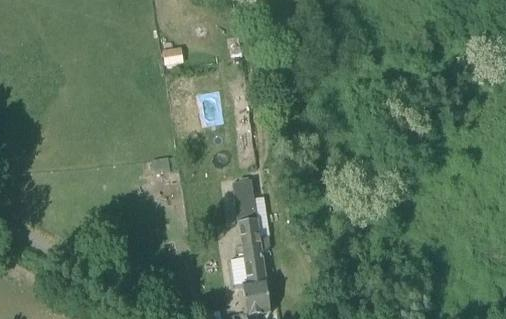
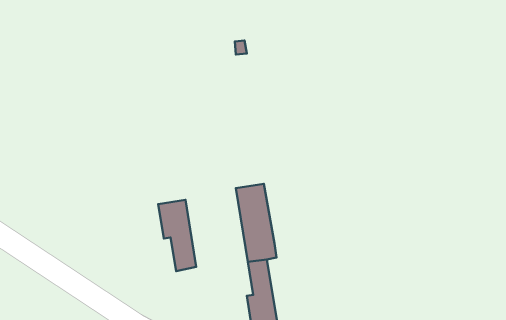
building: none -> [158,200,196,271]

